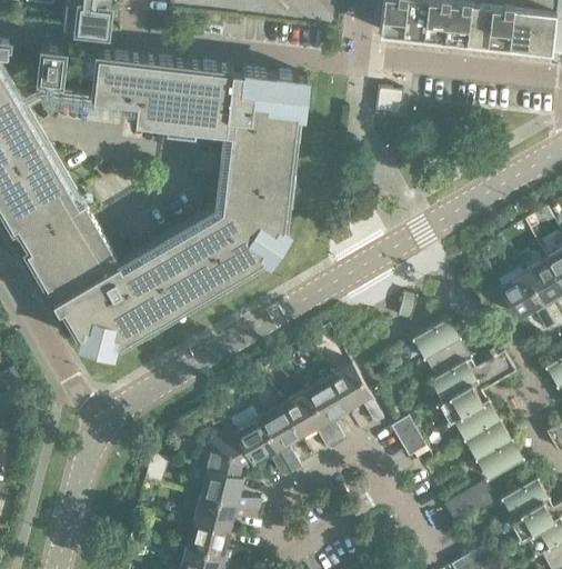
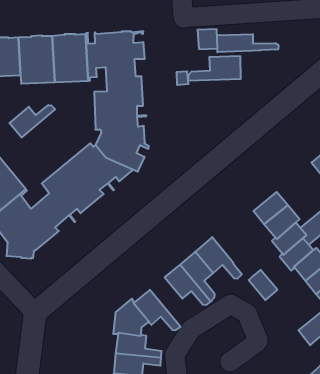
building: none -> [217,34,278,52]
building: none -> [188,56,241,81]
building: none -> [9,105,55,137]
building: [259,407,300,476] -> none

